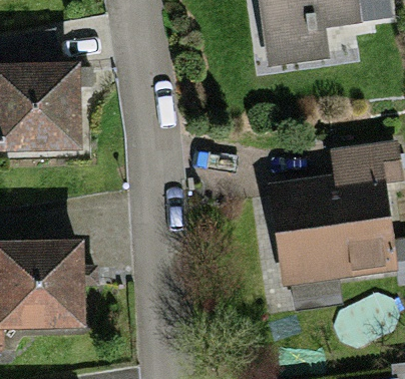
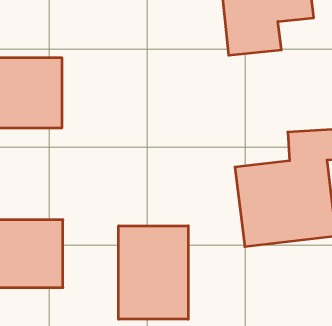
building: none -> [119,226,188,319]

